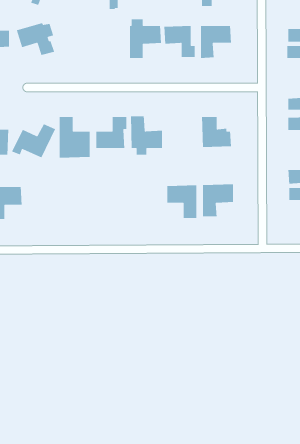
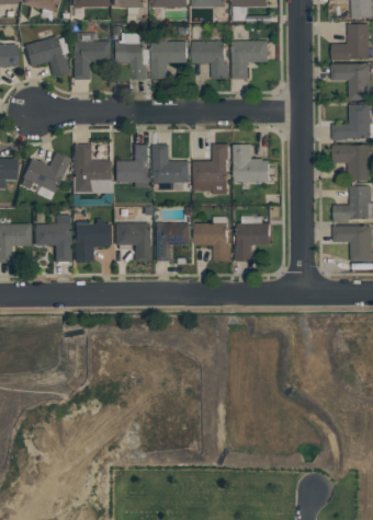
building: none -> [111,32,147,79]
building: none -> [71,41,106,79]
building: none -> [193,142,228,194]
building: none -> [32,215,68,262]
building: none -> [72,223,108,262]
building: none -> [113,223,148,262]
building: none -> [152,223,189,262]

